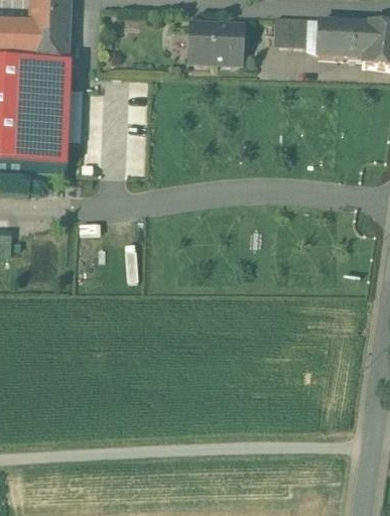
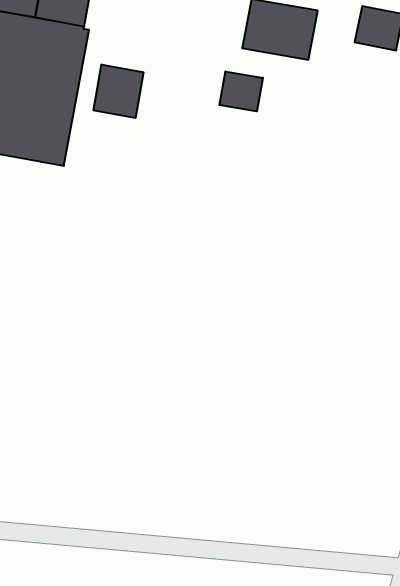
building: none -> [219,71,263,111]
building: none -> [93,64,144,118]

